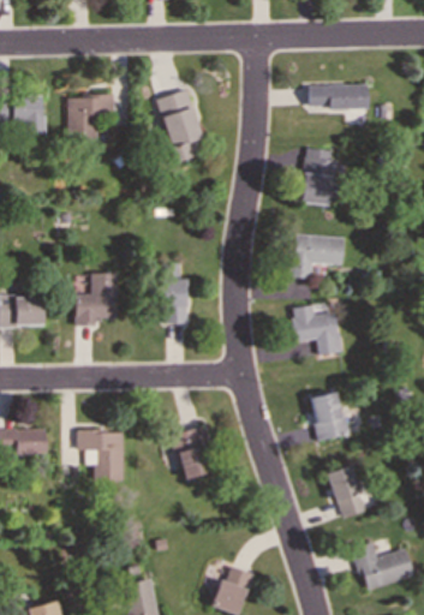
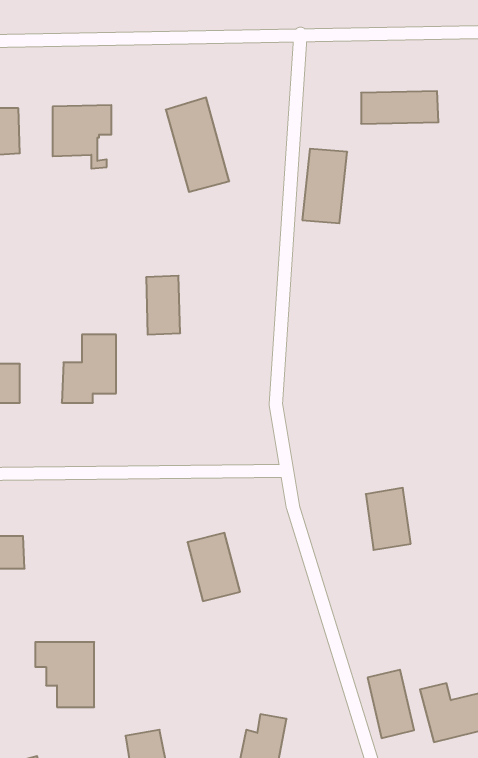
building: [300,148,335,205] -> [302,149,347,223]
building: [292,234,344,279] -> none
building: [161,279,187,324] -> [146,276,180,335]
building: [291,305,341,354] -> none
building: [78,430,124,480] -> [35,642,94,707]
building: [328,465,364,518] -> [368,670,414,738]

